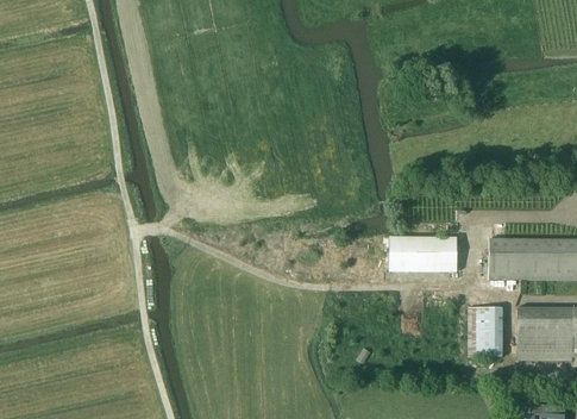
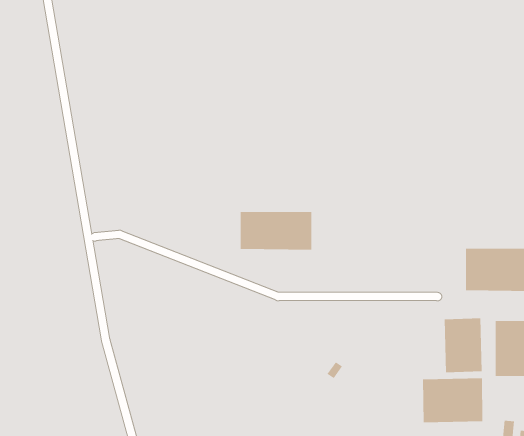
building: [390,236,459,273] -> [240,212,312,250]
building: none -> [422,378,483,423]

